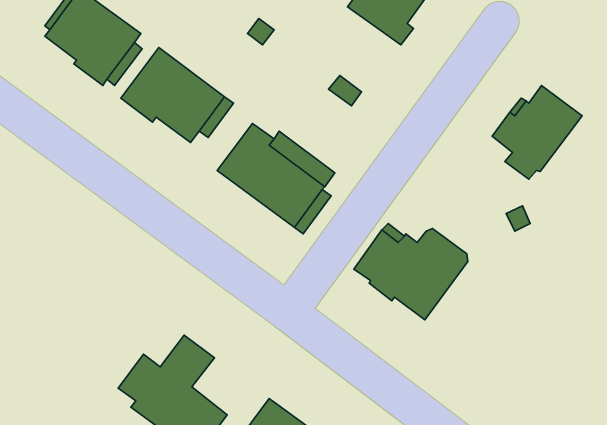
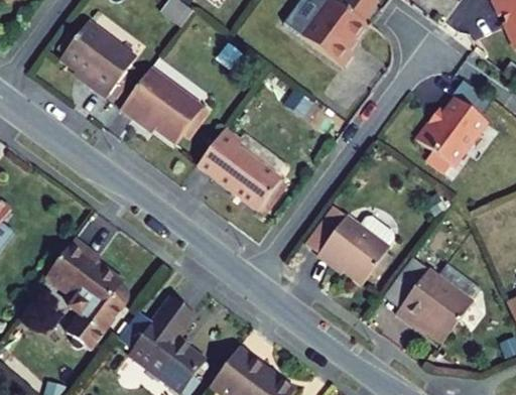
building: none -> [45,238,127,350]
building: none -> [395,268,473,343]

